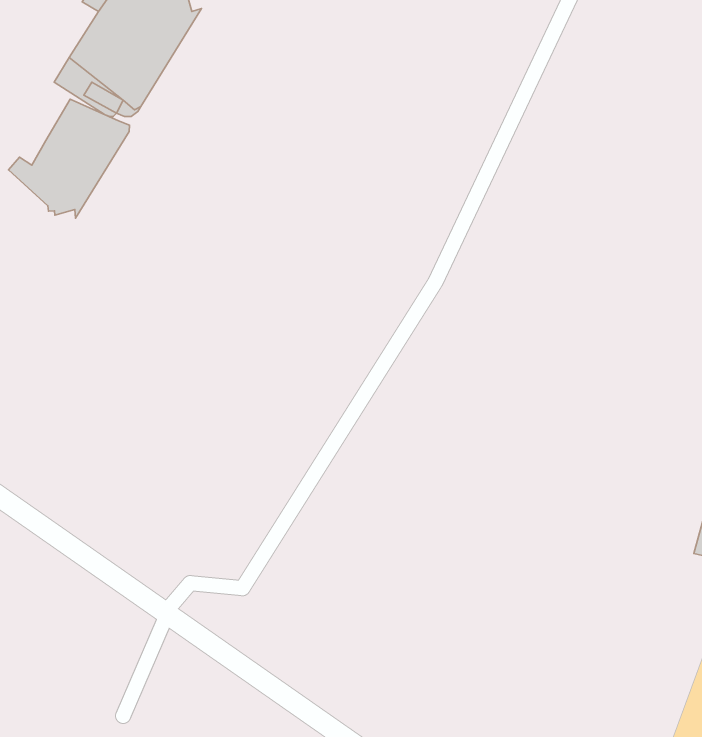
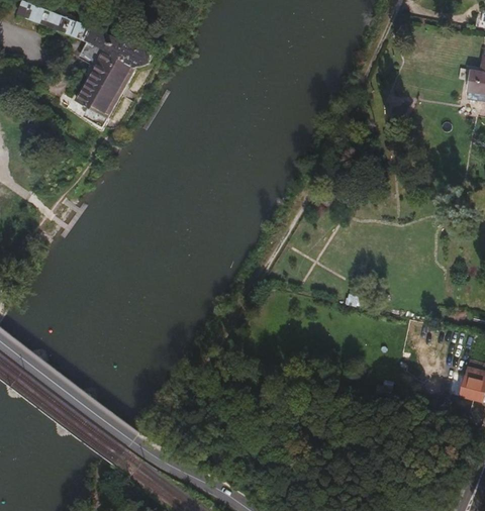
building: [8,99,129,218] -> none

